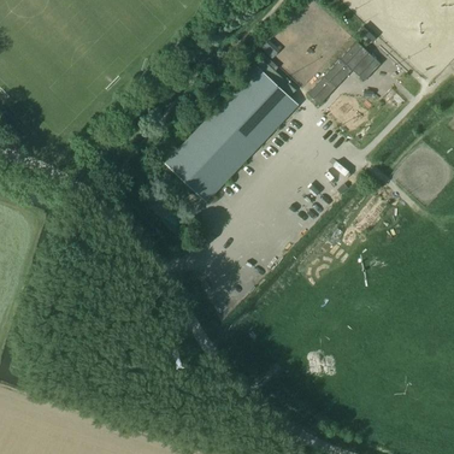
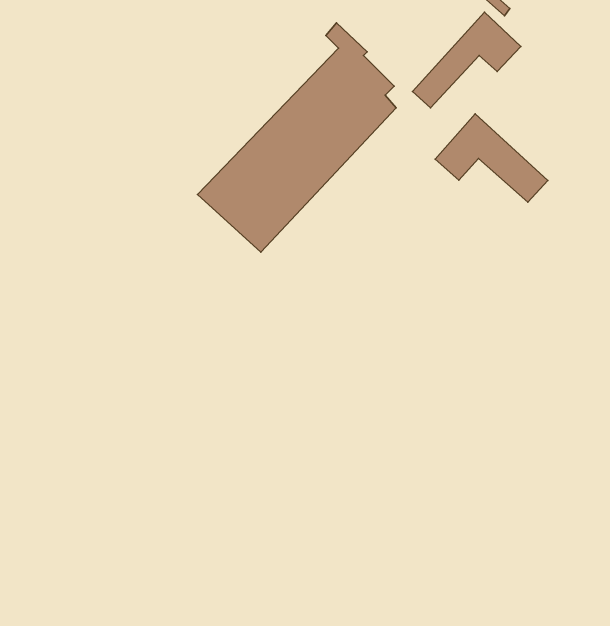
building: none -> [435,114,548,202]

